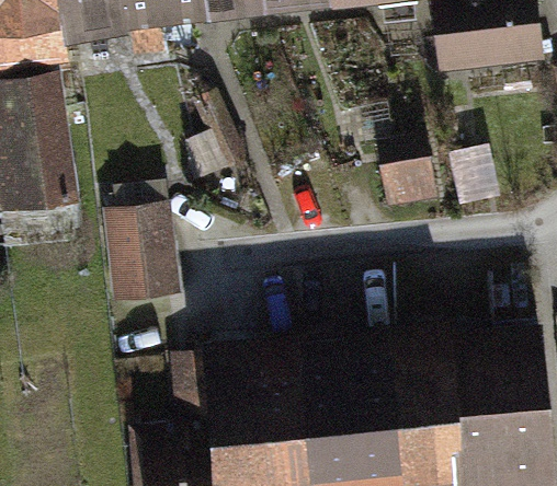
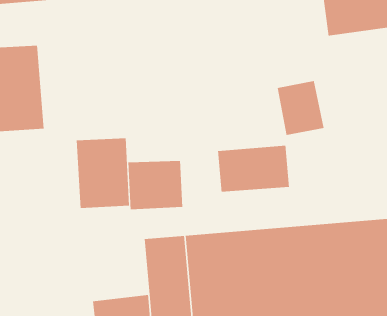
building: none -> [218,145,290,193]
building: none -> [128,160,183,210]

